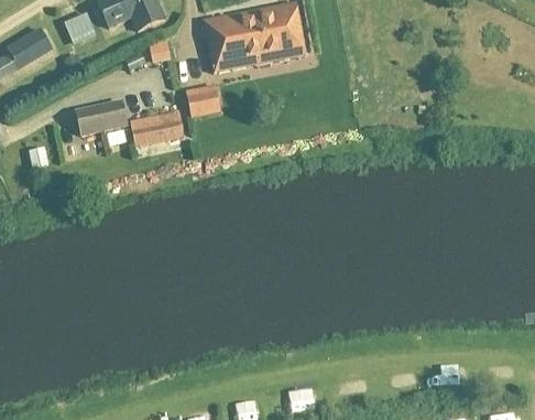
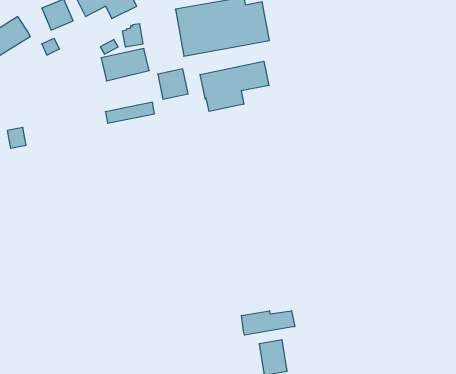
building: none -> [200,61,269,111]
building: [75,100,125,134] -> [101,48,149,81]
building: none -> [241,311,295,335]

